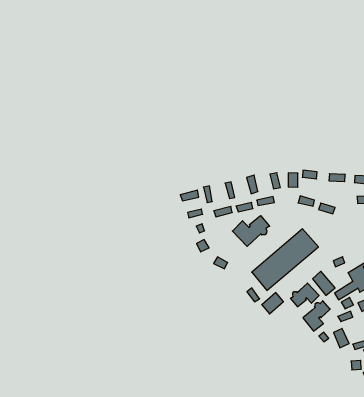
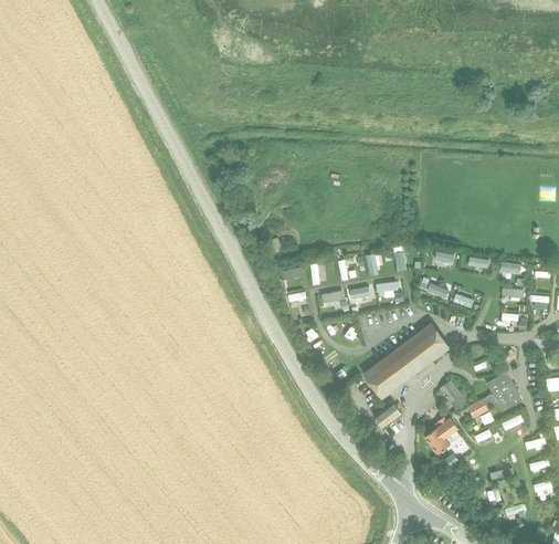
building: [232,216,270,246] -> none
building: [291,283,319,307] -> none

